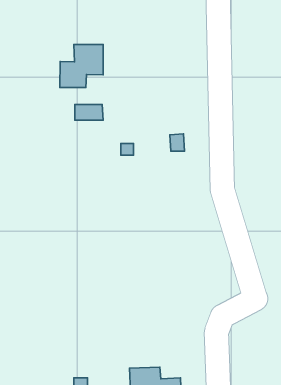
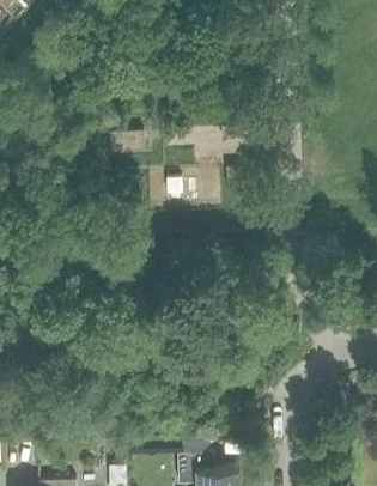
building: [60,44,103,88] -> none

